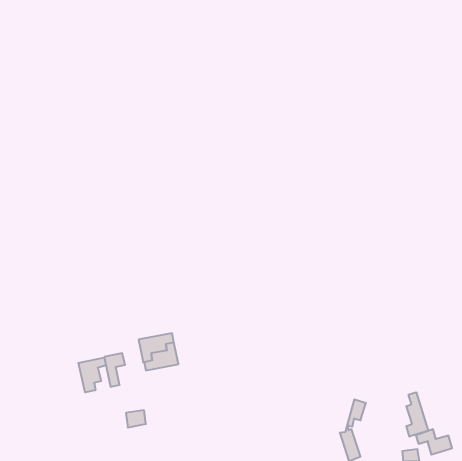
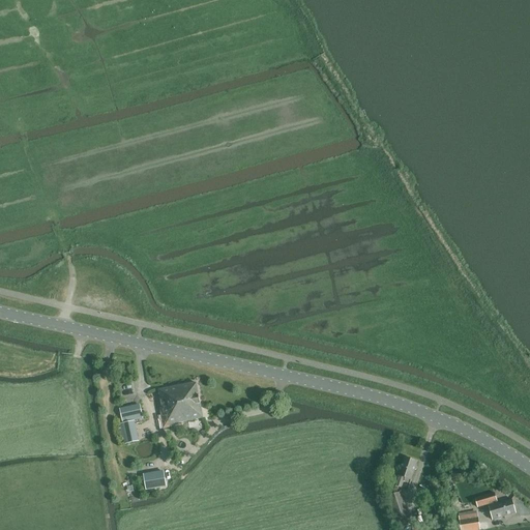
building: [78,358,106,392] -> none
building: [406,392,428,437] -> none

